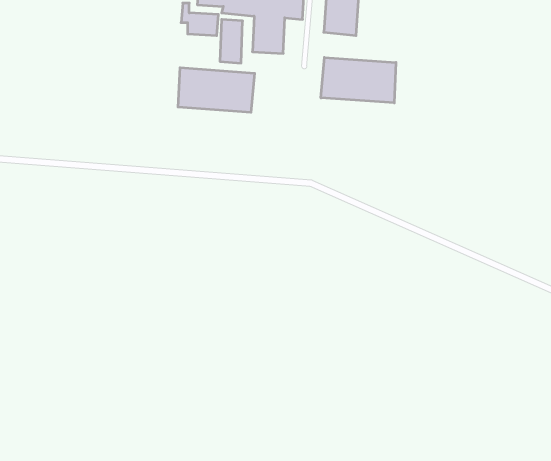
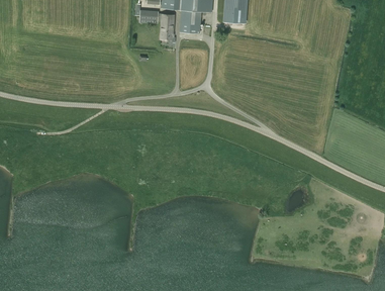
building: [321,57,396,103] -> none
building: [178,68,255,112] -> none

